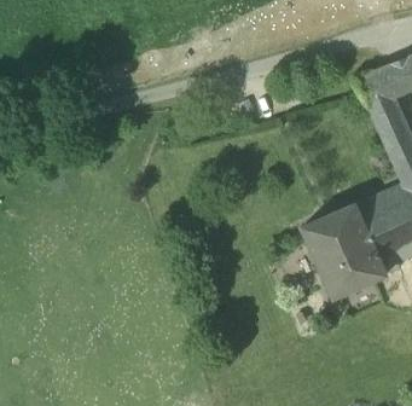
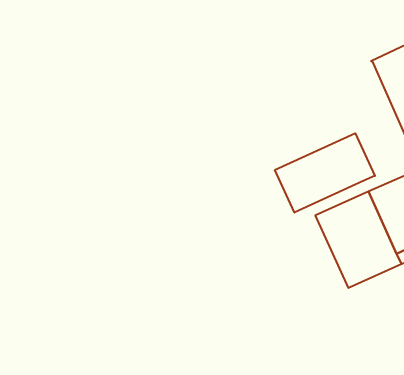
building: none -> [275,133,375,213]

